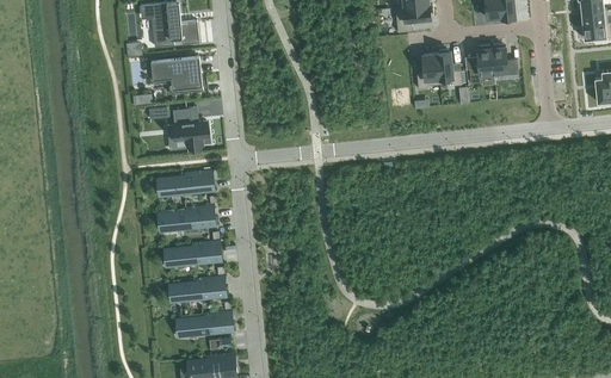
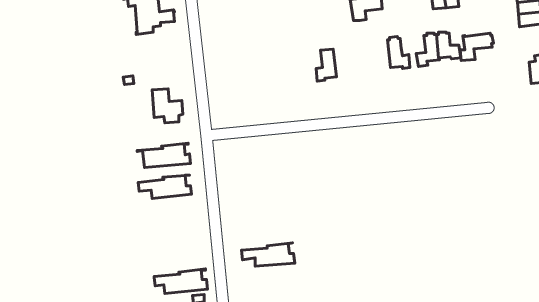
building: none -> [460,33,494,60]
building: [416,54,439,89] -> [316,49,336,81]
building: [150,56,202,94] -> none
building: [162,240,222,267] -> none
building: [167,275,227,302] -> [241,243,295,266]

